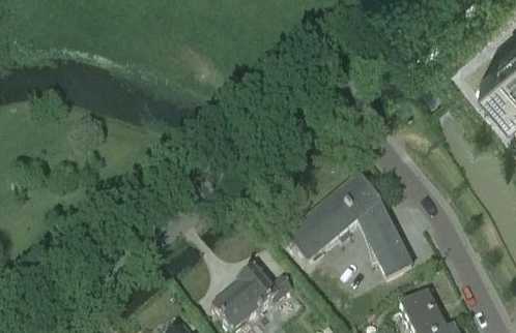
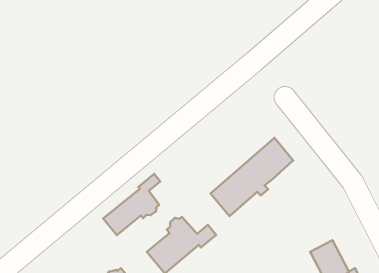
building: [356,200,411,278] -> none
building: none -> [103,174,160,235]

